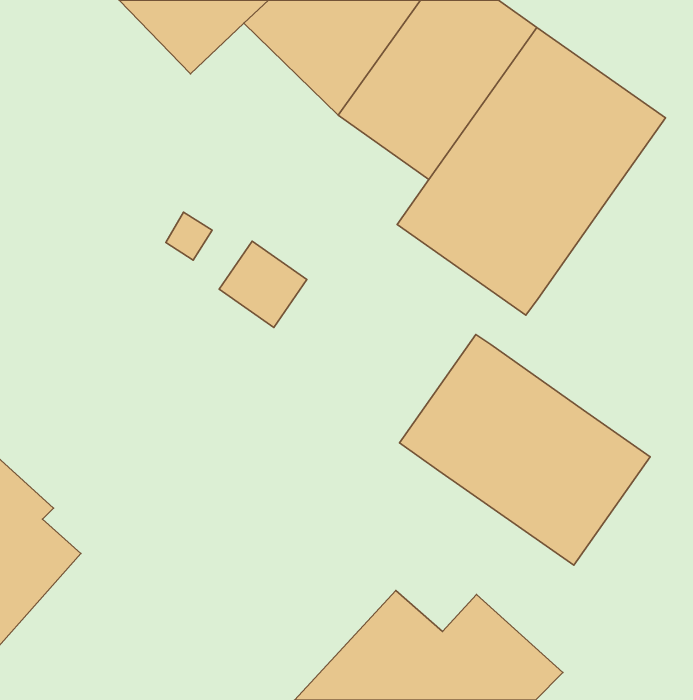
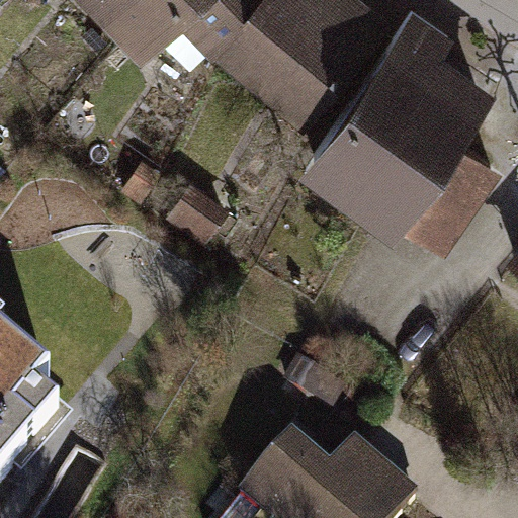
building: none -> [398,143,498,252]
building: [399,335,650,565] -> none

